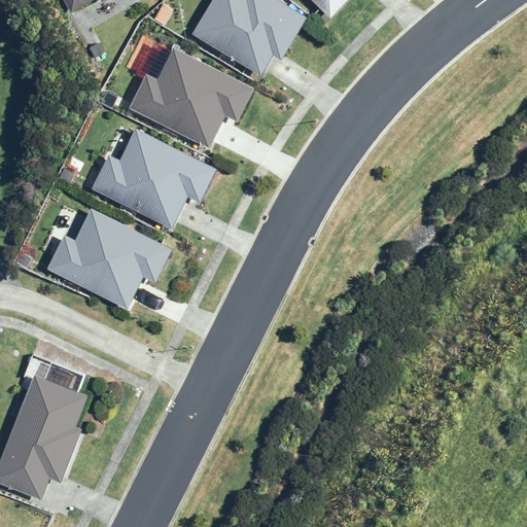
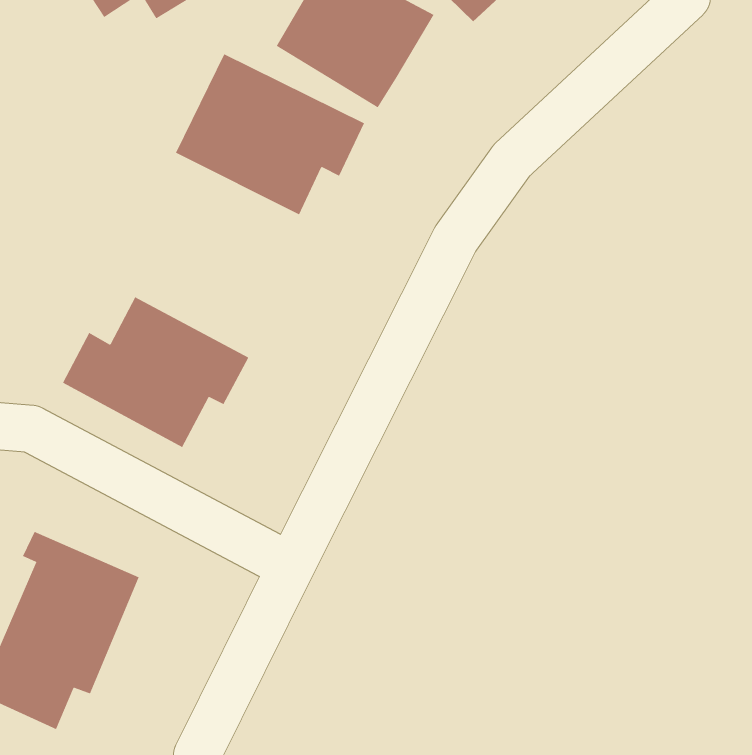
building: [78,120,219,231] -> none

